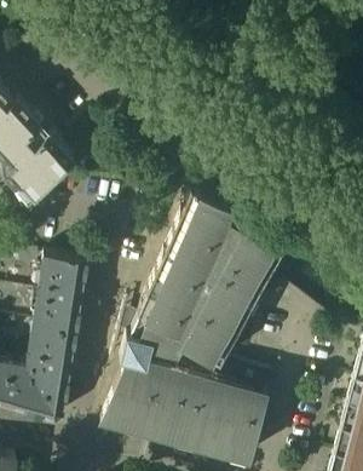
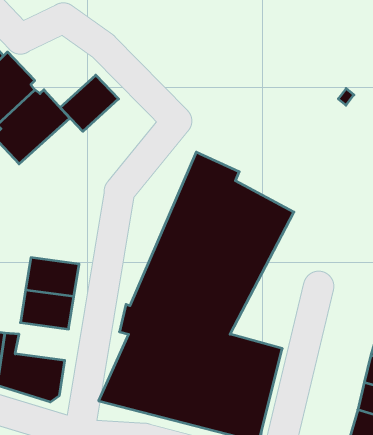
building: none -> [60,75,119,131]
building: [39,251,88,293] -> none
building: [24,347,74,383] -> none

